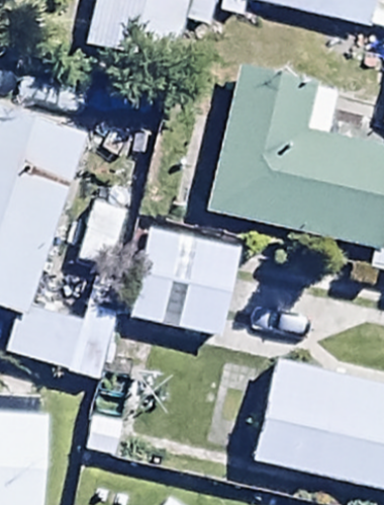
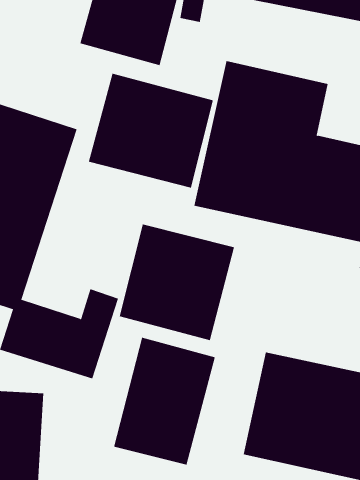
building: none -> [88,73,213,189]
building: none -> [113,337,215,466]

